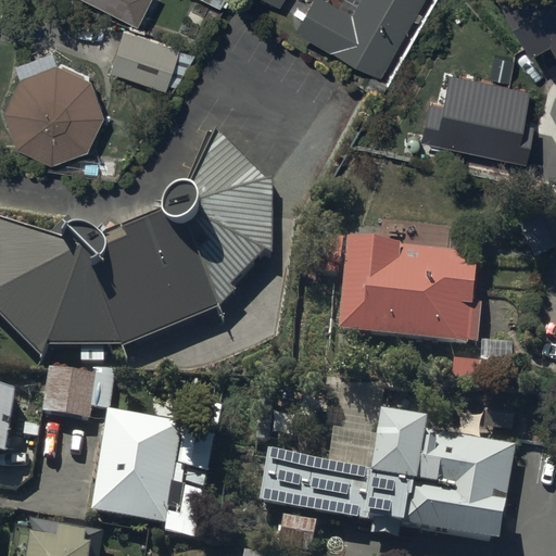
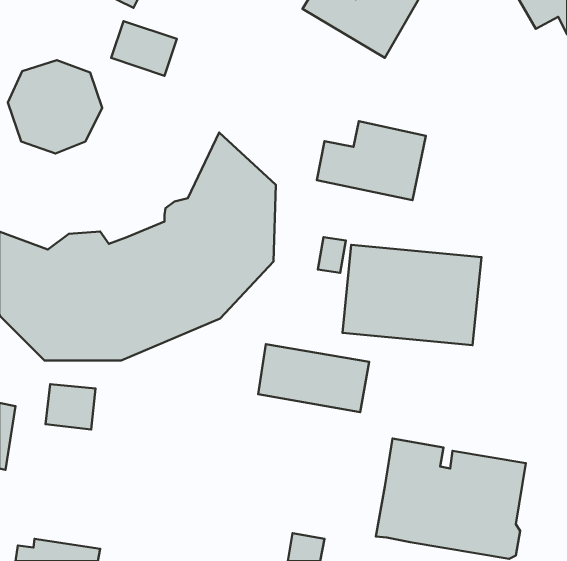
building: [418,66,525,143] -> [317,121,426,200]
building: [93,406,180,517] -> none
building: [267,457,376,523] -> [258,344,369,412]

